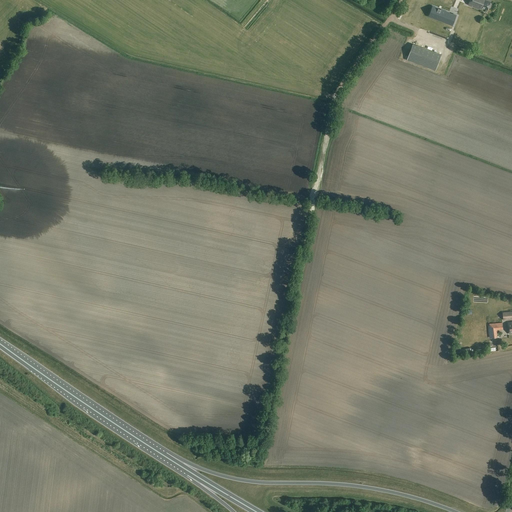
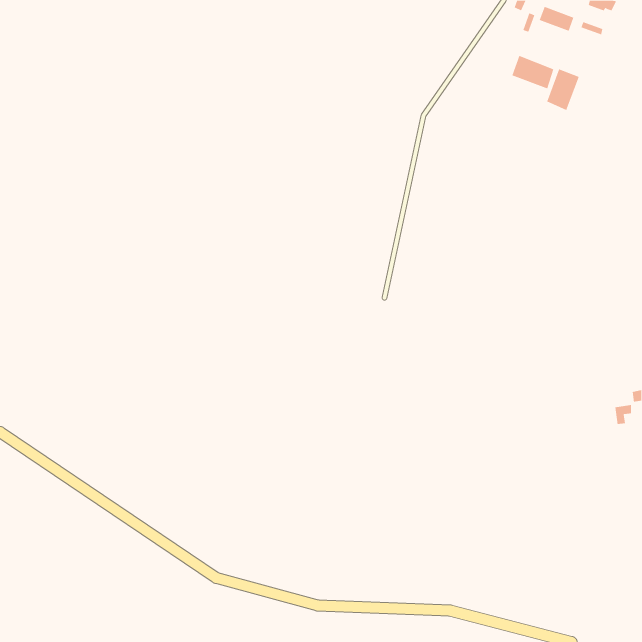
building: none -> [547,68,580,111]

